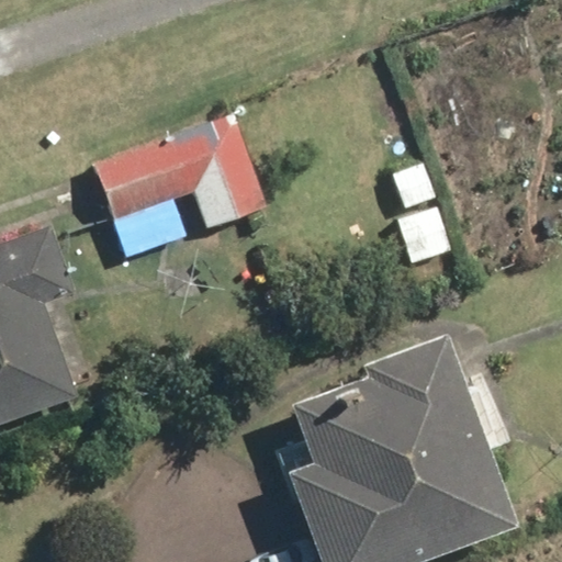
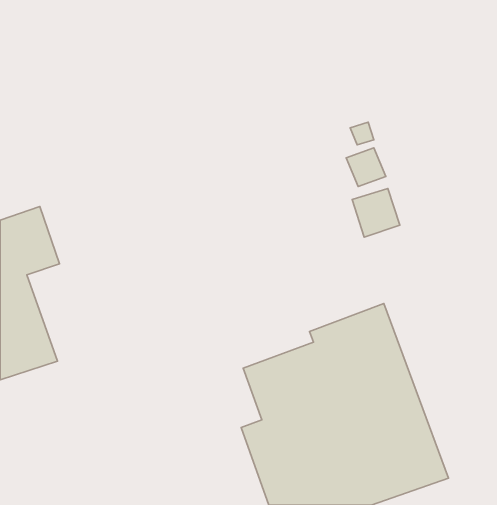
building: [95,115,269,228] -> none

